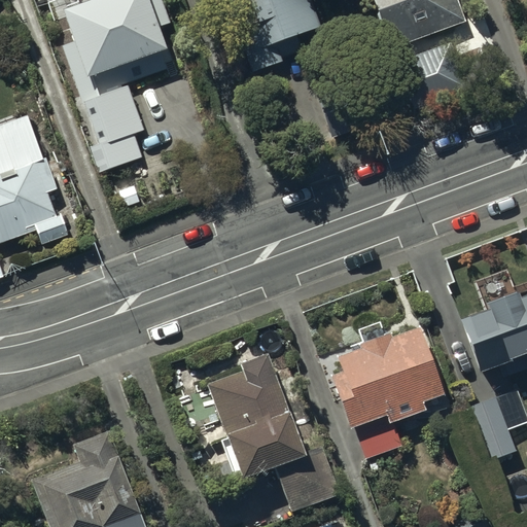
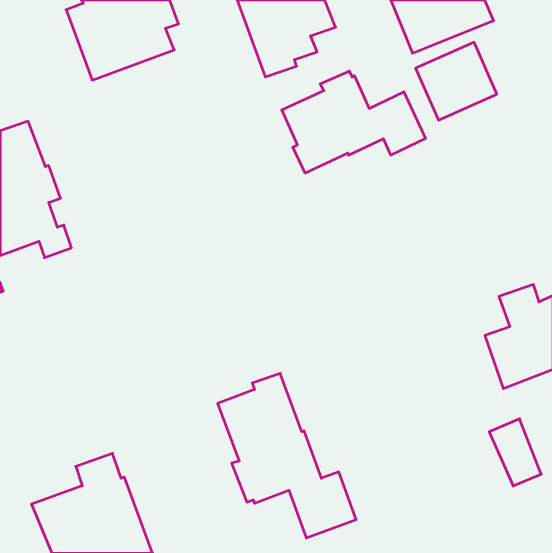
building: none -> [282,71,425,173]
building: [85,87,143,173] -> none
building: [330,327,446,458] -> none

